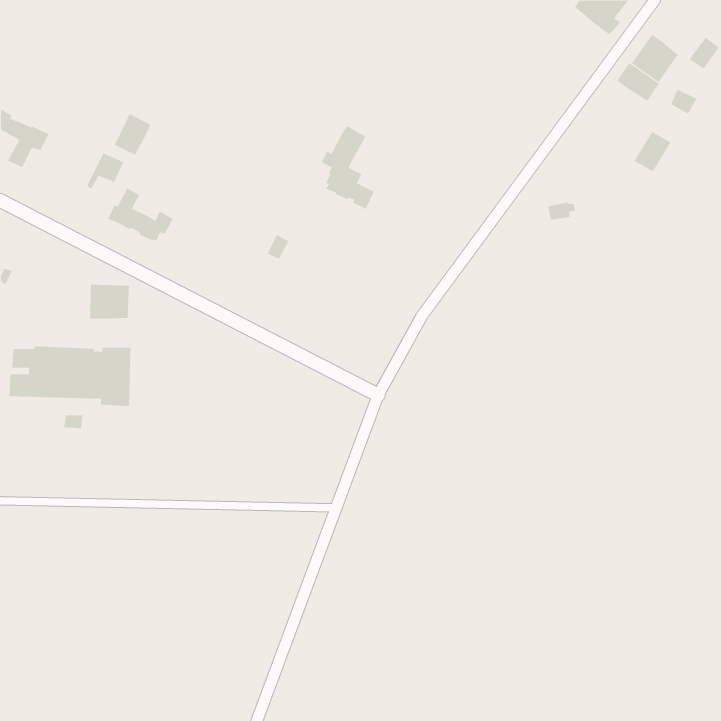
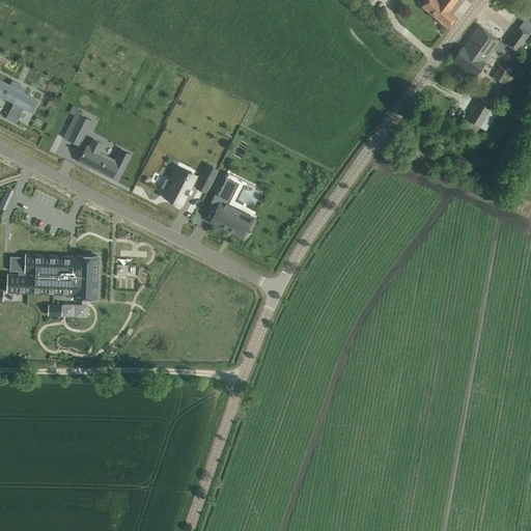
building: [113,113,151,156] -> none
building: [321,125,375,210] -> [211,174,250,236]
building: none -> [162,172,193,204]
building: [90,284,129,319] -> none

